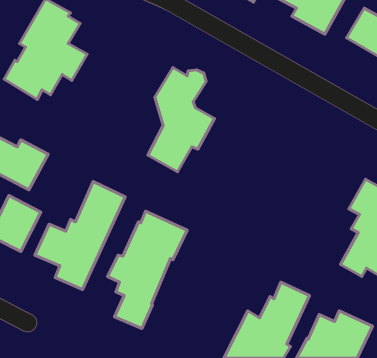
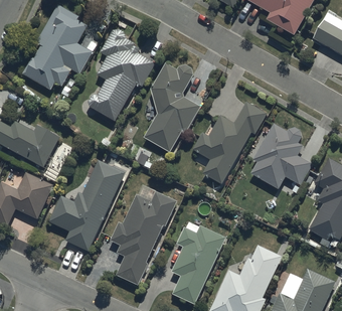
building: none -> [89,30,155,121]
building: none -> [193,102,266,184]
building: none -> [250,124,312,190]
building: none -> [170,222,224,305]

